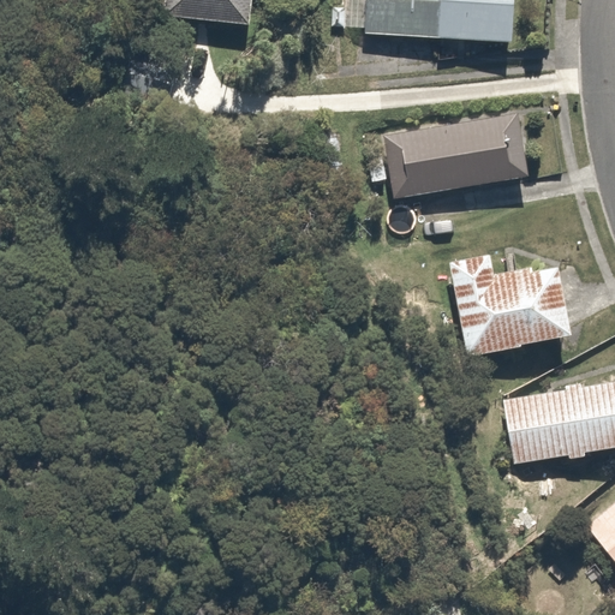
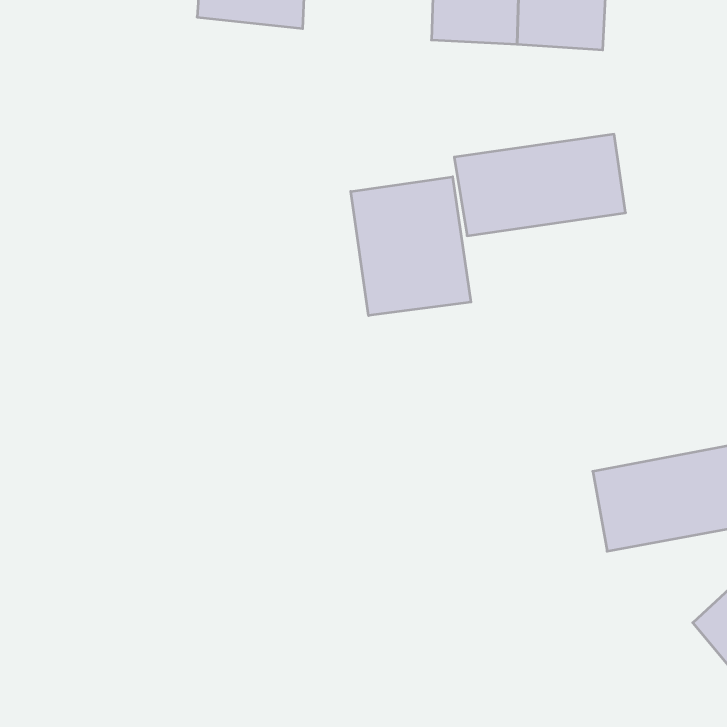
building: none -> [351,177,471,316]
building: [449,252,572,356] -> none

